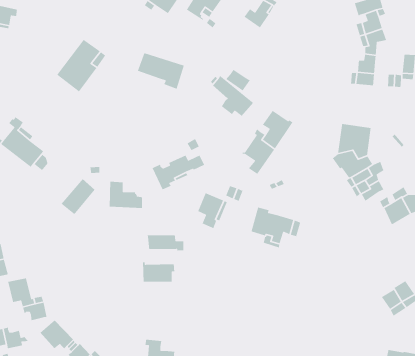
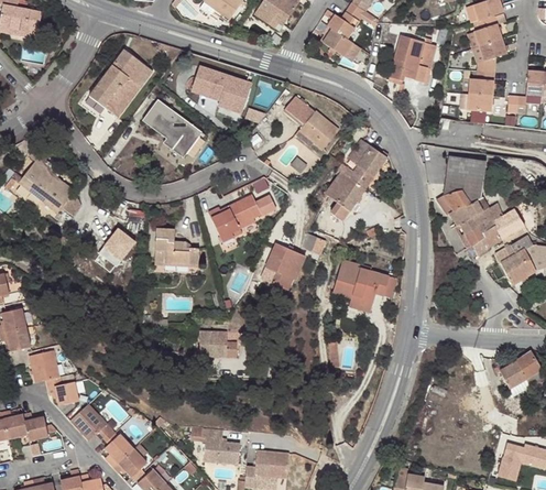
building: none -> [387,34,436,83]
building: [225,69,251,92] -> [320,26,352,55]
building: none -> [143,100,203,159]
building: none -> [494,209,525,240]
building: [146,234,184,251] -> none

